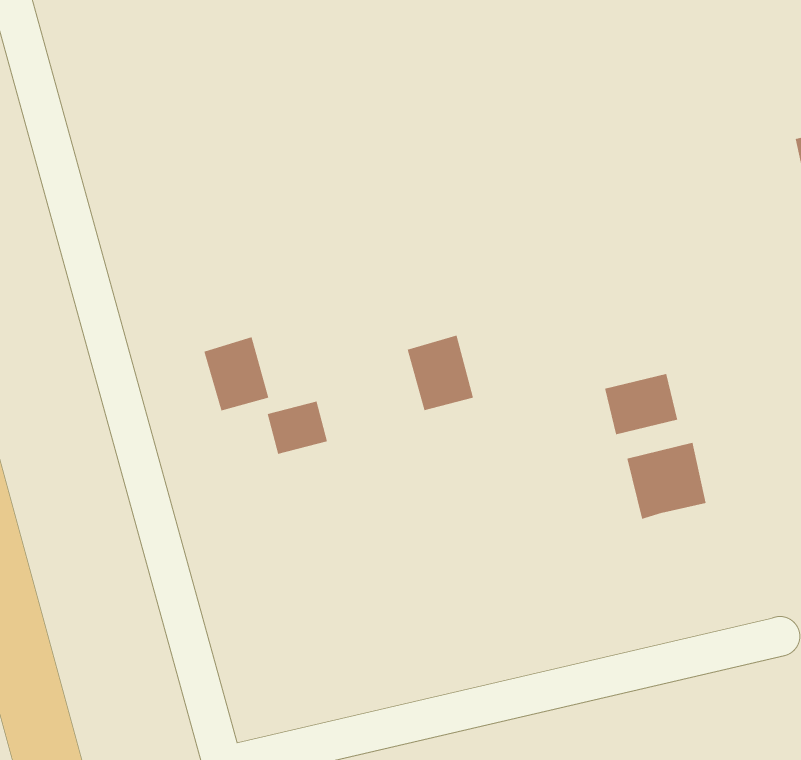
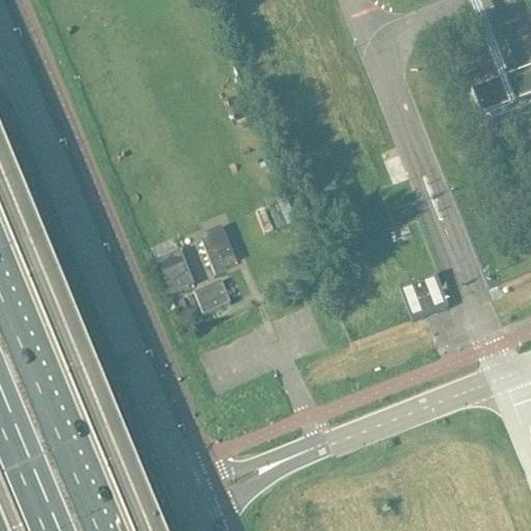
building: [407,335,474,411] -> [200,226,243,273]
building: [605,373,678,435] -> none

